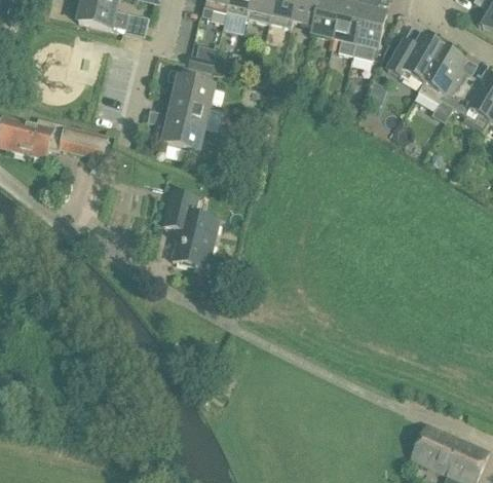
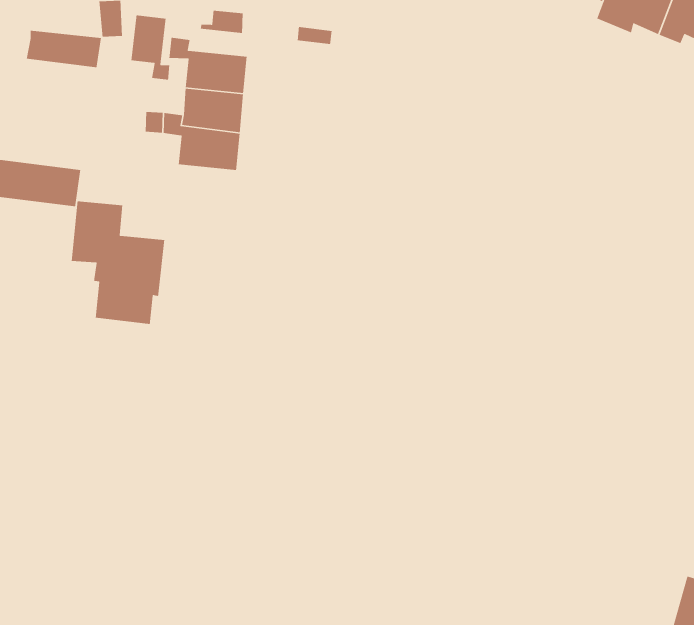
building: none -> [130,14,170,80]
building: none -> [26,30,102,68]
building: [162,189,219,267] -> [71,200,165,325]

